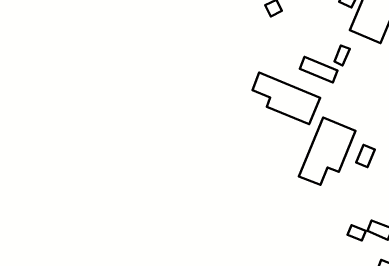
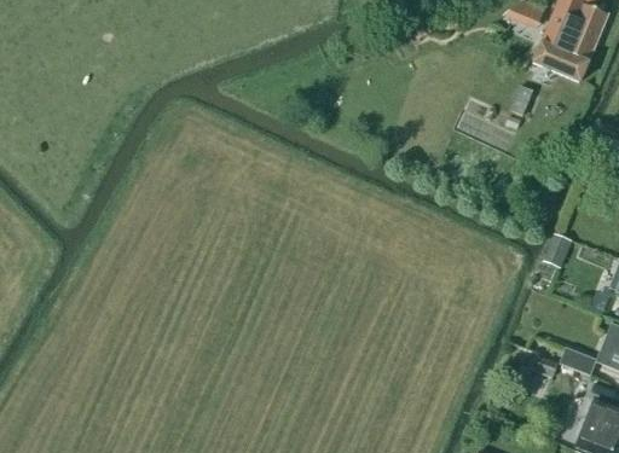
building: [252,73,320,124] -> none
building: [299,118,356,185] -> none

